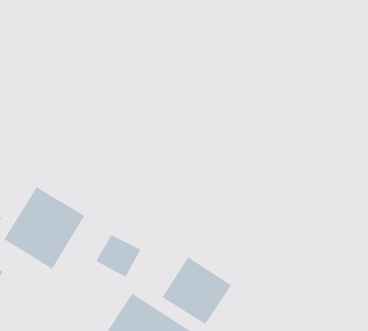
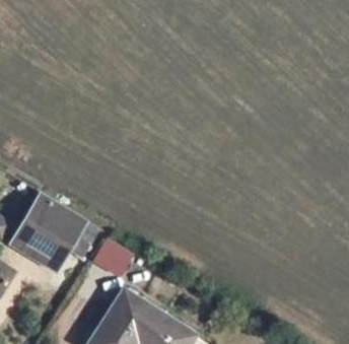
building: [162,256,232,325] -> none

